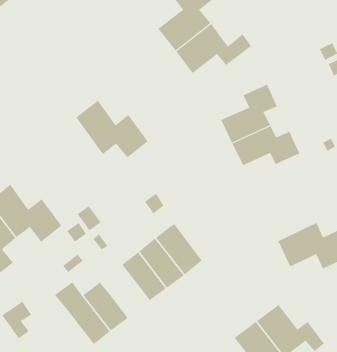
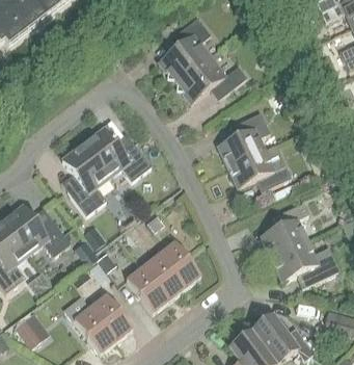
building: none -> [62,142,108,214]
building: none -> [260,201,308,257]

